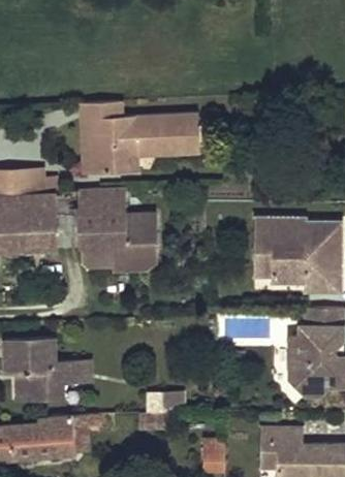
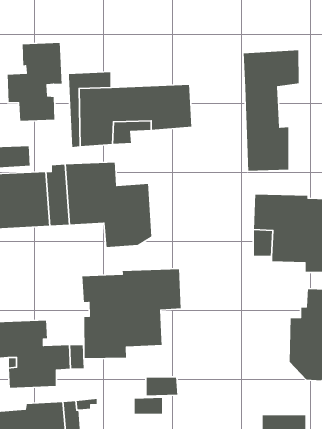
building: none -> [7,42,63,122]
building: none -> [243,49,300,171]
building: none -> [82,269,181,359]

